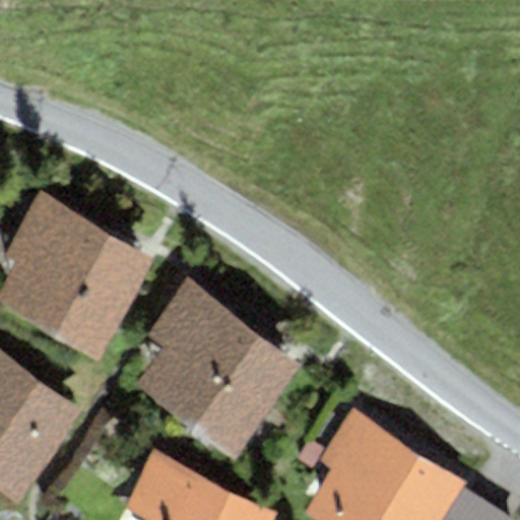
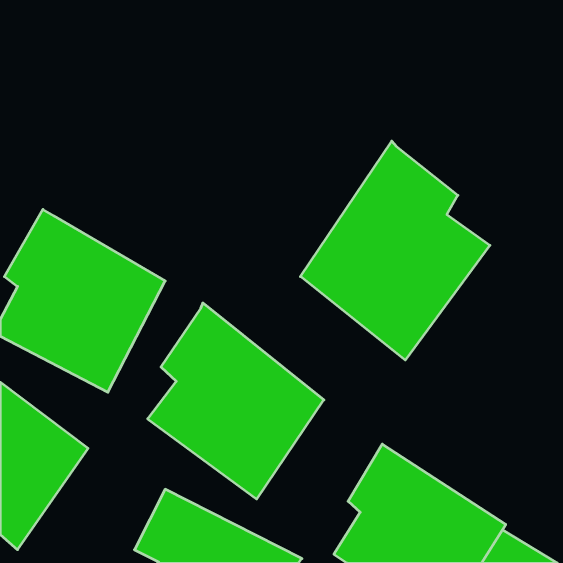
building: none -> [300,141,490,360]

